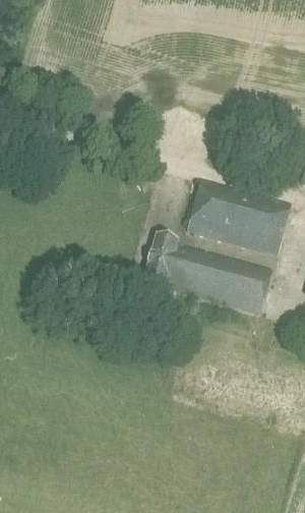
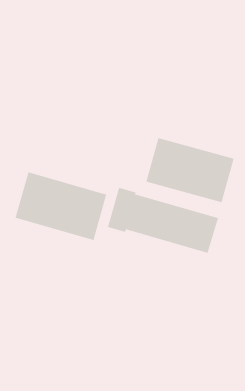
building: none -> [15,172,107,241]

